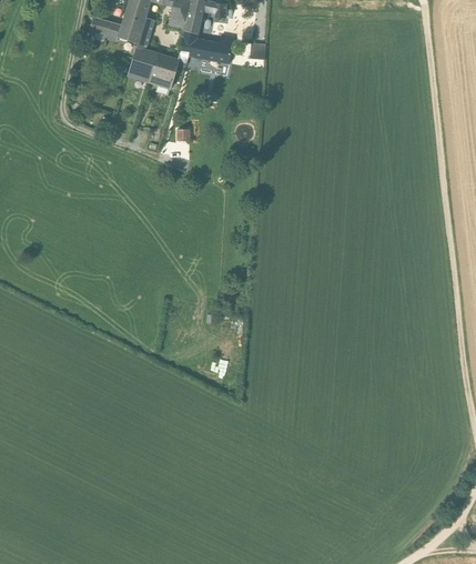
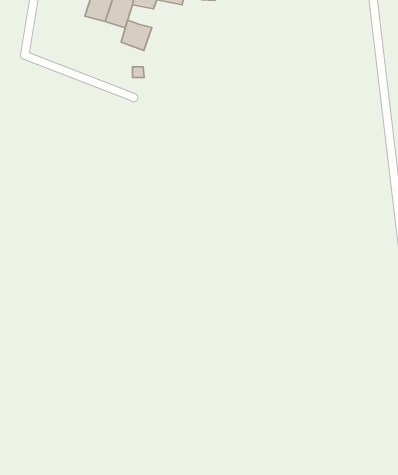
building: none -> [121,20,152,51]

